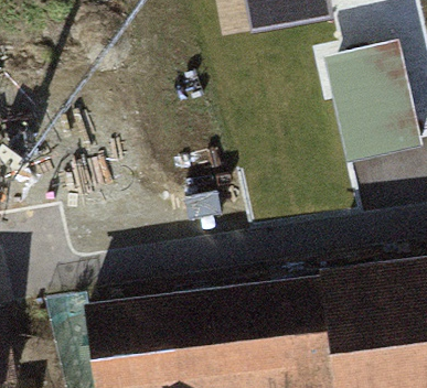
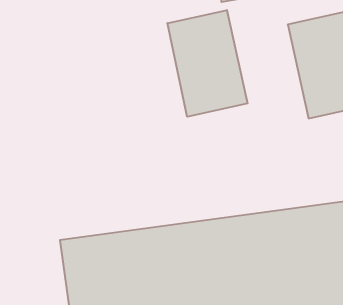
building: none -> [167,10,248,117]

